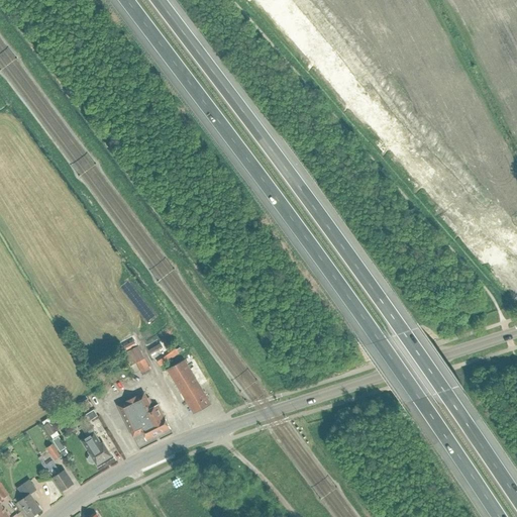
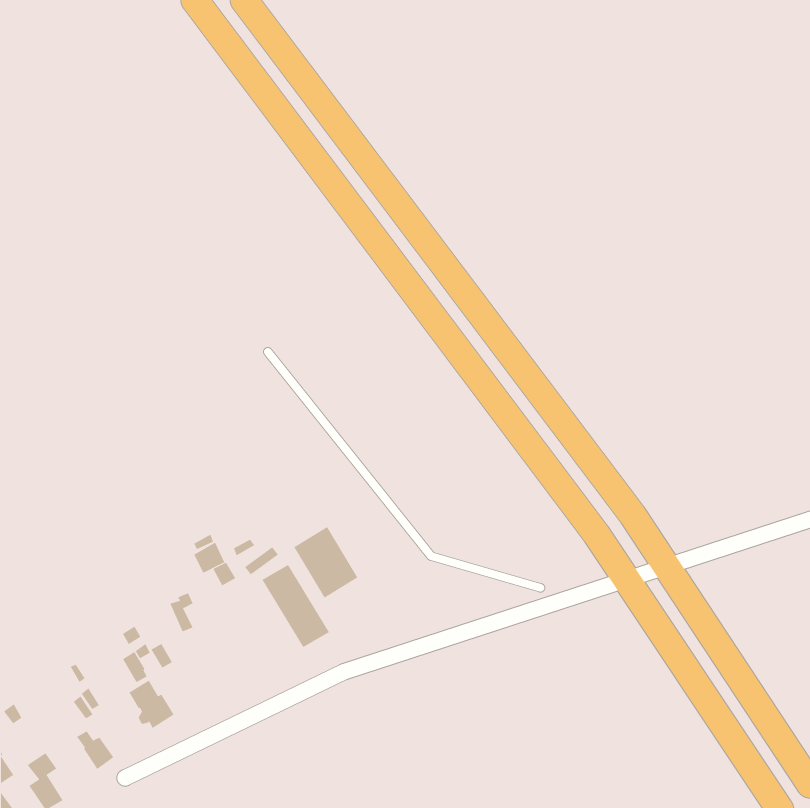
building: none -> [293,526,358,598]
building: [121,396,170,440] -> none

